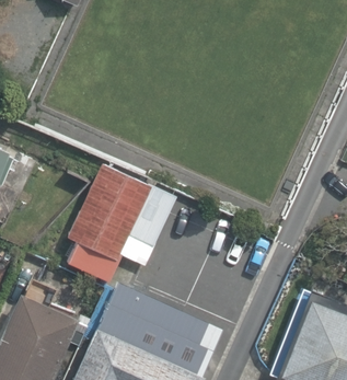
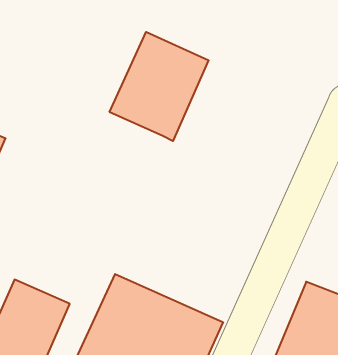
building: none -> [110,32,209,141]
building: [65,164,174,285] -> none

